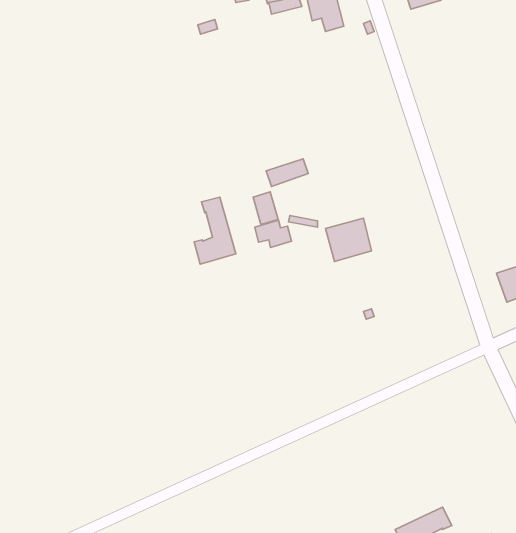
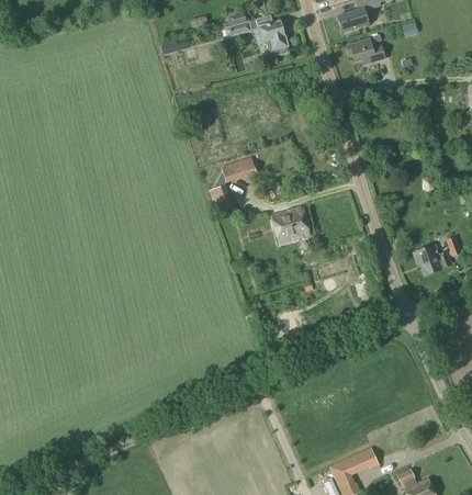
building: none -> [347,37,385,61]
building: [194,197,236,264] -> none
building: [255,220,291,247] -> none

